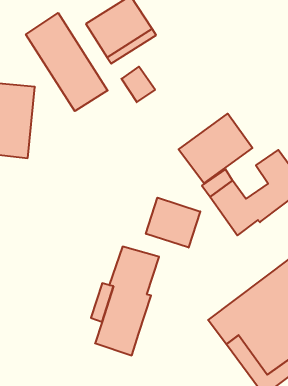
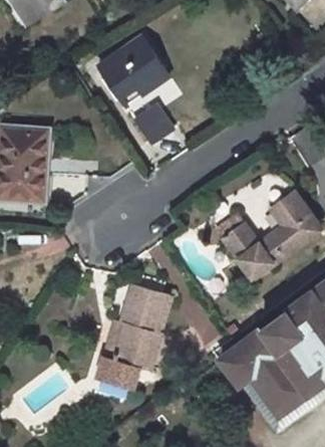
building: [26,13,108,111] -> none
building: [179,114,252,183] -> none
building: [146,198,200,248] -> none

